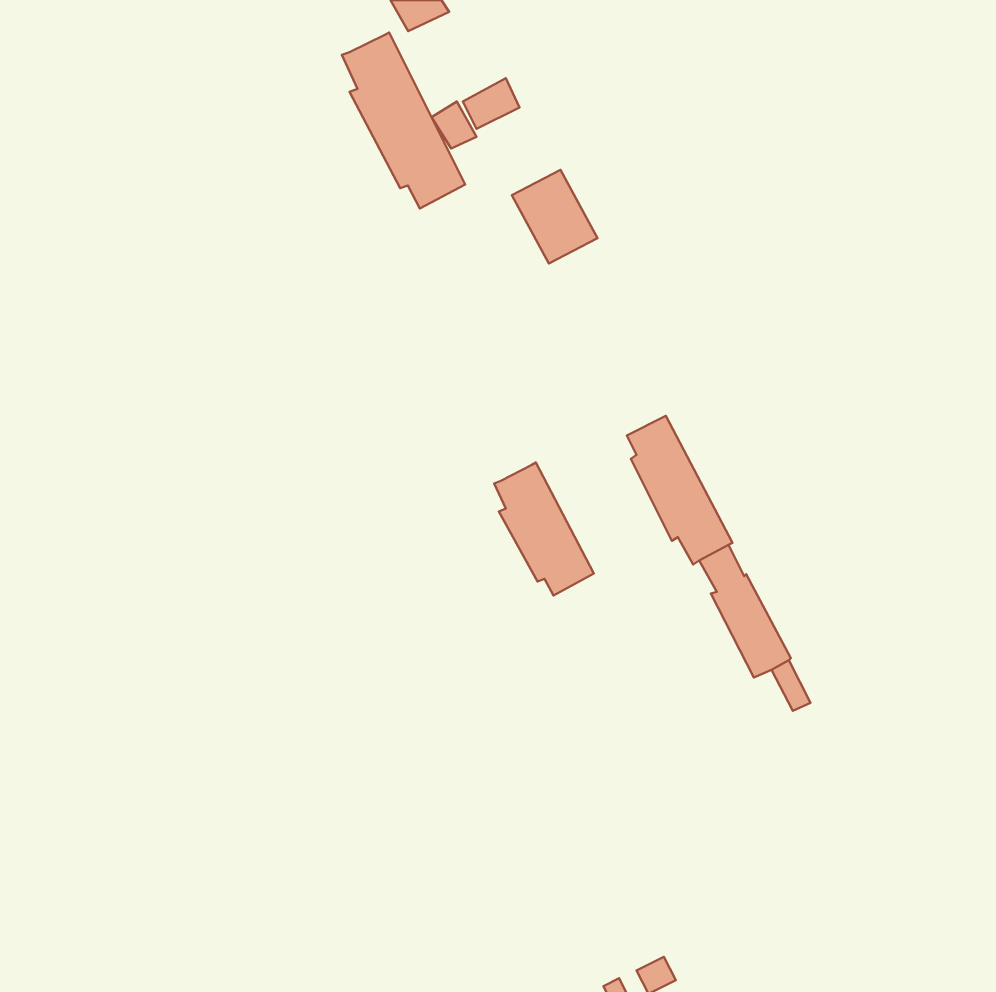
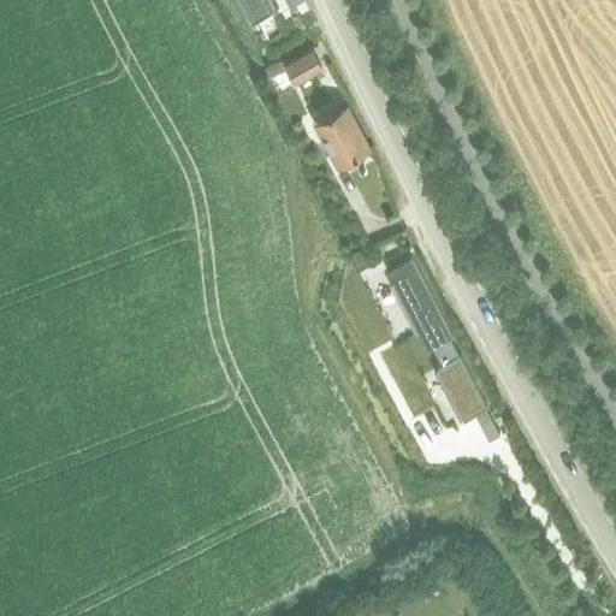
building: [342,32,465,208] -> none
building: [494,463,594,595] -> none

